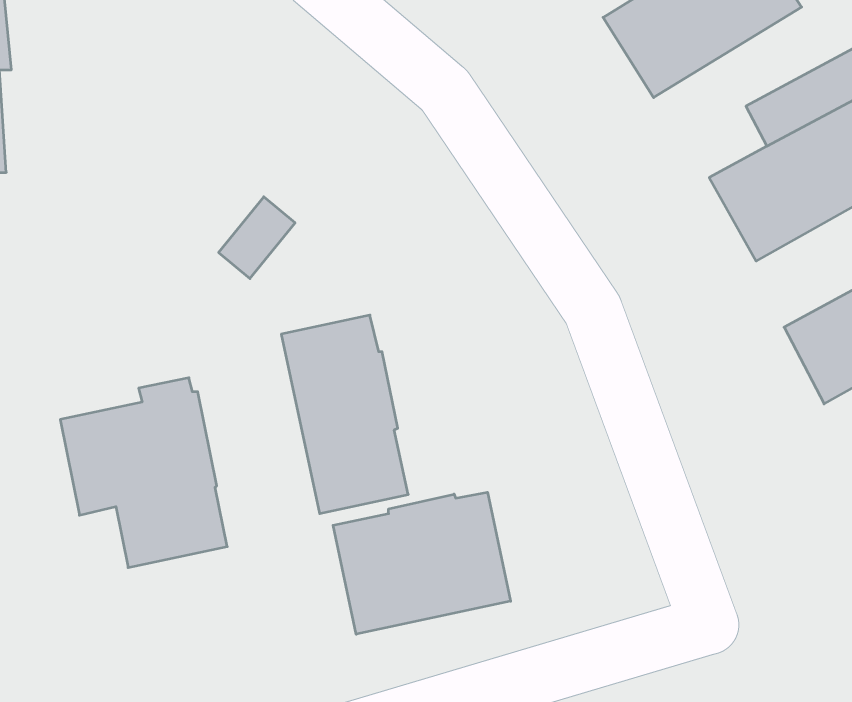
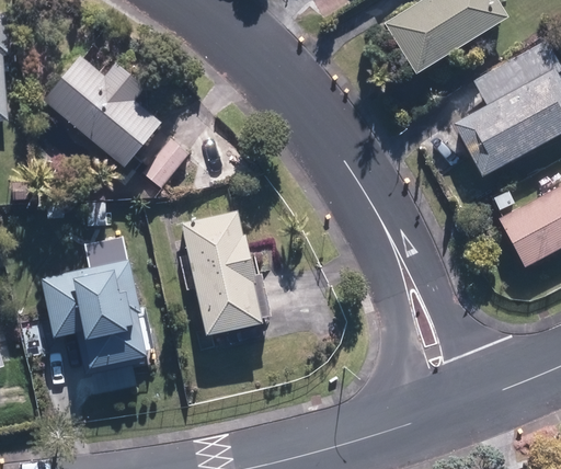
building: none -> [44,56,162,167]
building: [333,492,511,634] -> none

